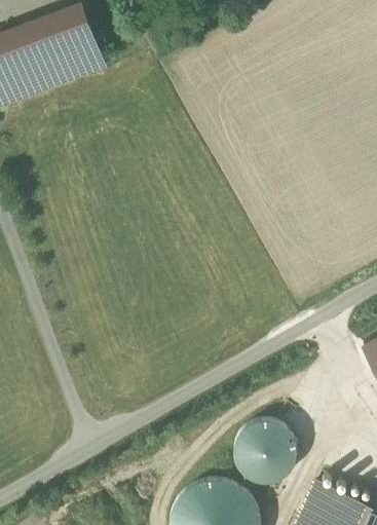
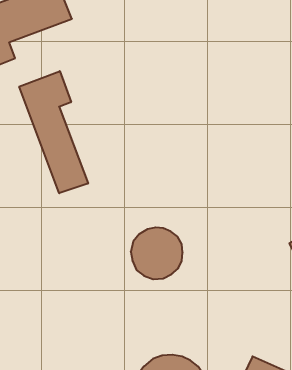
building: none -> [19,71,88,193]
building: [232,419,296,483] -> [131,227,183,279]

